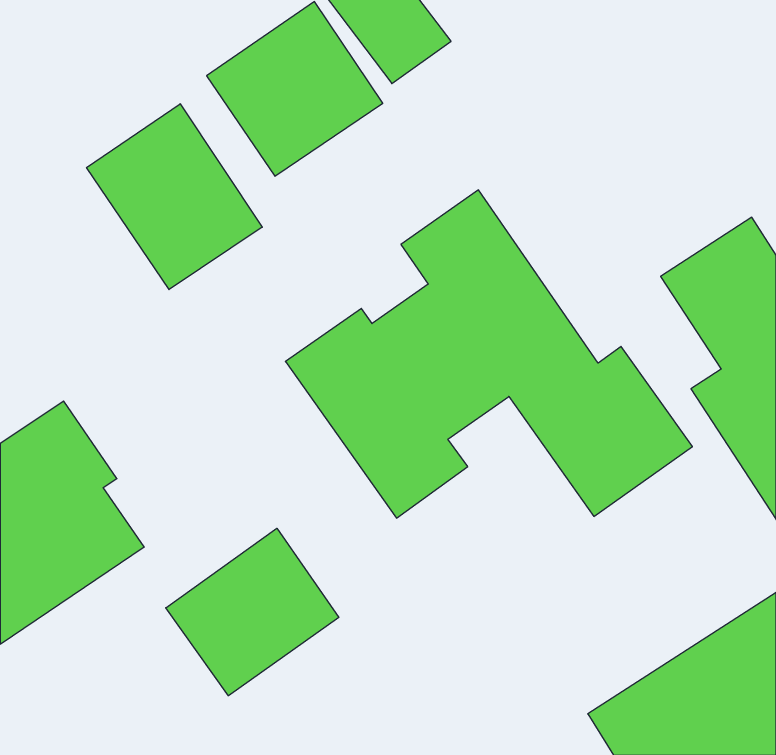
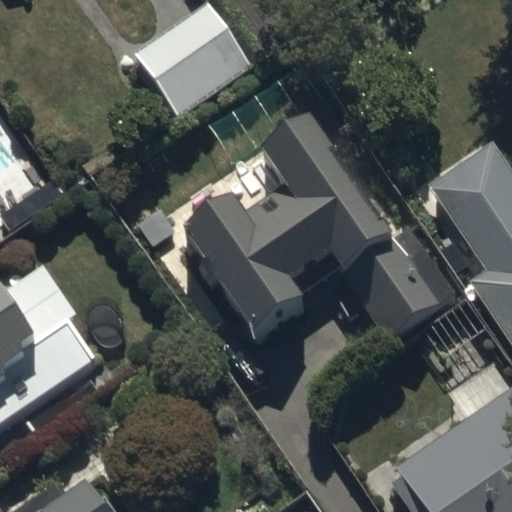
building: [87,104,262,290] -> none
building: [166,528,339,696] -> none

